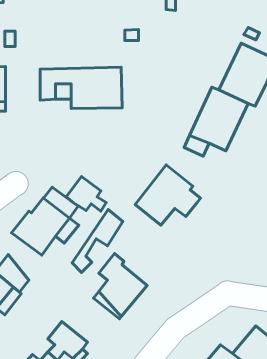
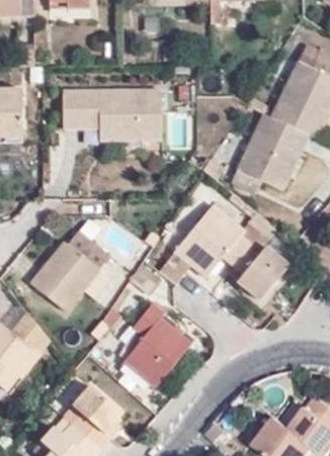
building: [66,176,106,211] -> none
building: none -> [239,233,288,297]

